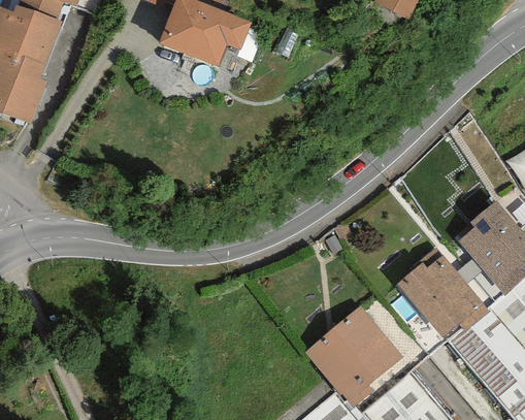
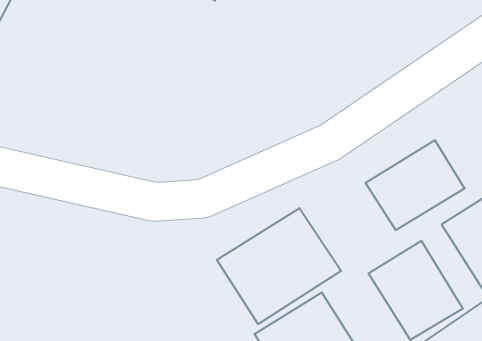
building: none -> [366,140,465,230]
building: none -> [217,208,341,324]

